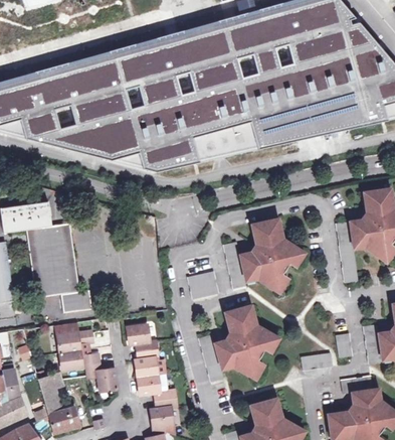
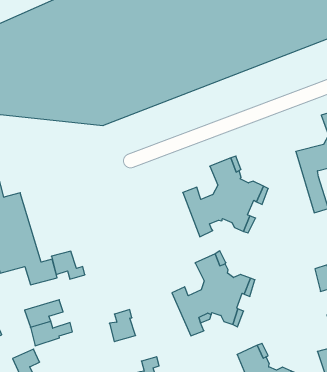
building: [188,273,218,300] -> none
building: [128,325,157,351] -> [51,251,85,279]
building: [303,353,334,372] -> none
building: [86,362,118,392] -> none
building: [138,375,176,401] -> none

